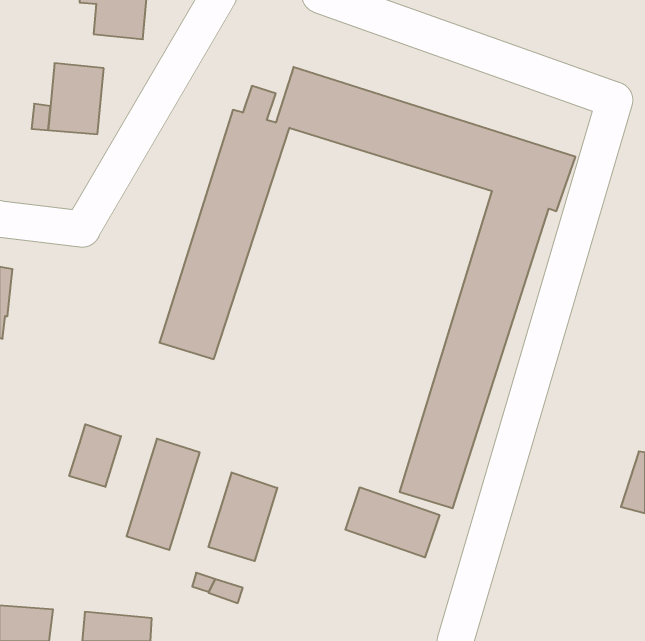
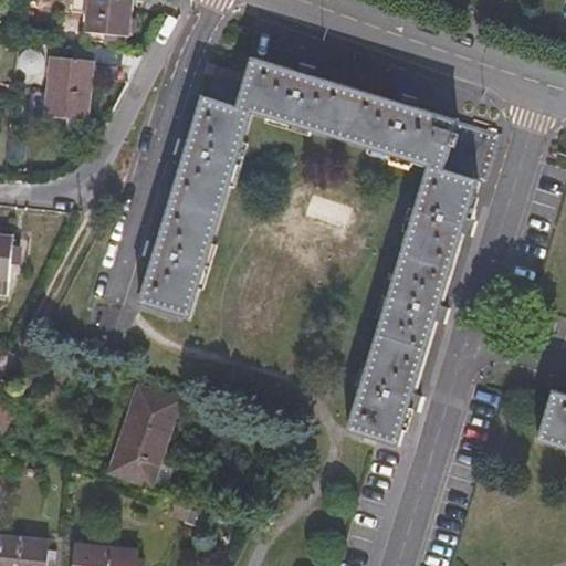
building: [69,424,121,487] -> none
building: [208,472,277,561] -> none
building: [345,487,439,557] -> none

